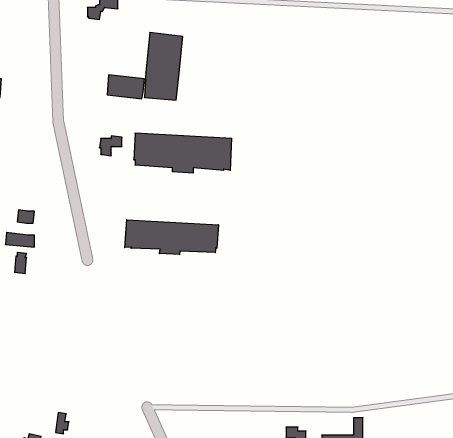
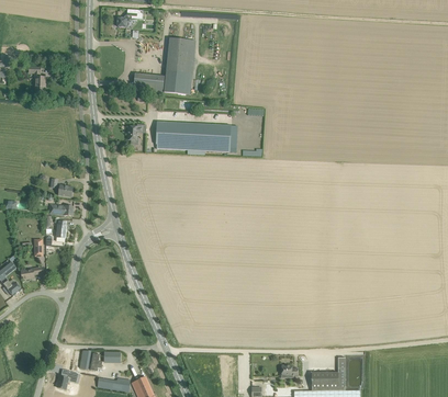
building: [125,220,218,255] -> none

